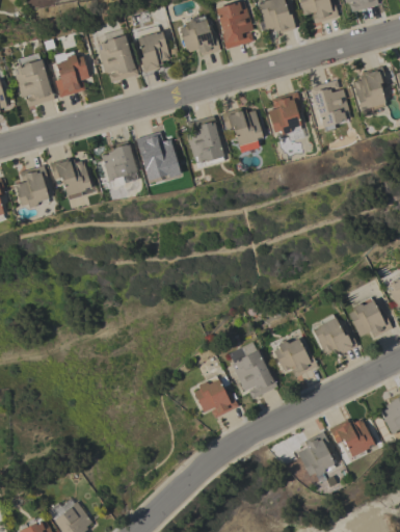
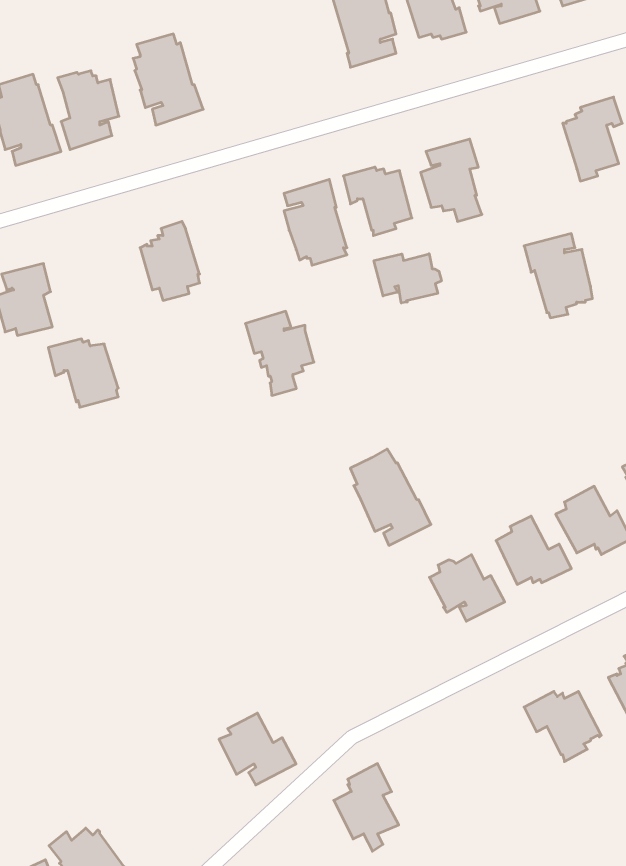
building: [180,15,220,56] -> none
building: [136,25,170,73] -> none
building: [310,80,350,130] -> [524,234,592,318]
building: [136,131,177,181] -> [245,311,314,395]
building: [50,158,91,198] -> [48,339,118,407]
building: none -> [374,254,441,303]
building: [230,342,277,399] -> [350,449,431,545]
building: [193,376,239,419] -> [219,713,296,785]
building: [297,431,336,483] -> [334,764,399,851]

